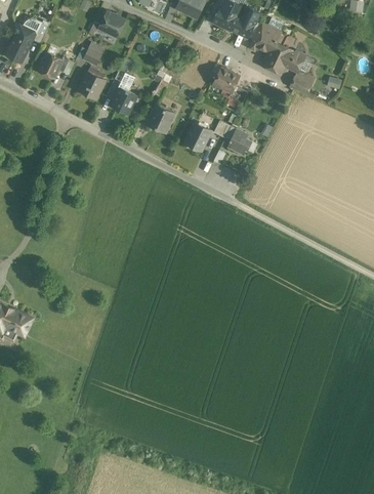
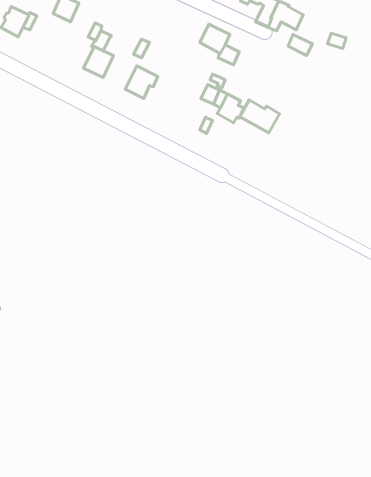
building: [78,71,105,99] -> none
building: [183,122,211,151] -> none
building: none -> [240,100,279,133]

